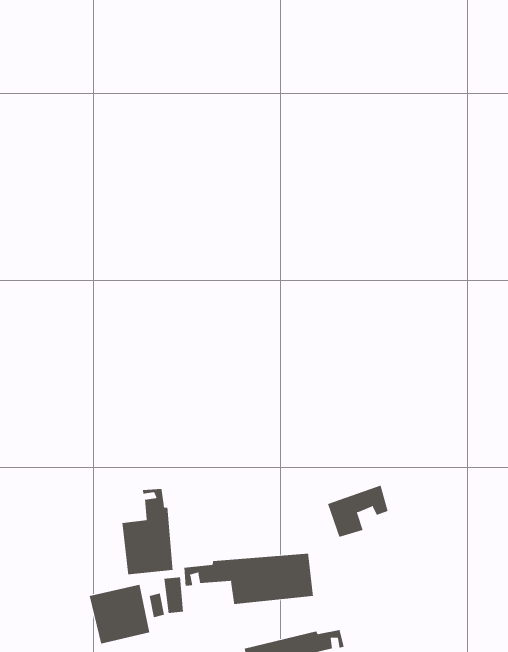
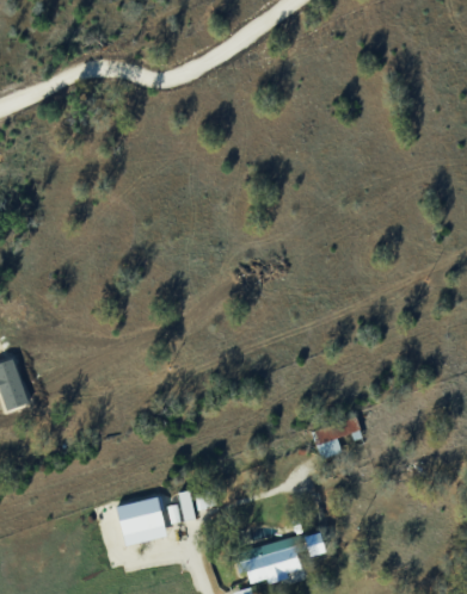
building: [122,488,173,575] -> none
building: [184,553,313,605] -> none

